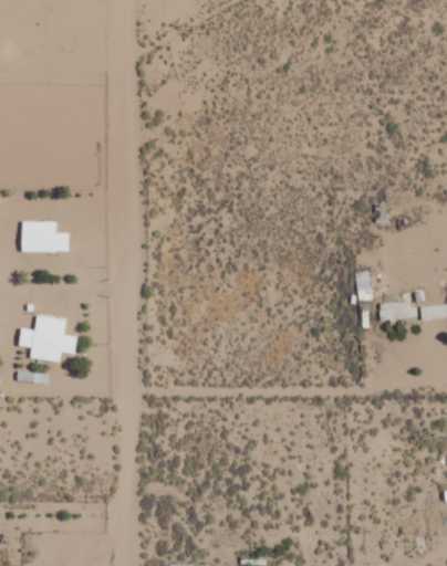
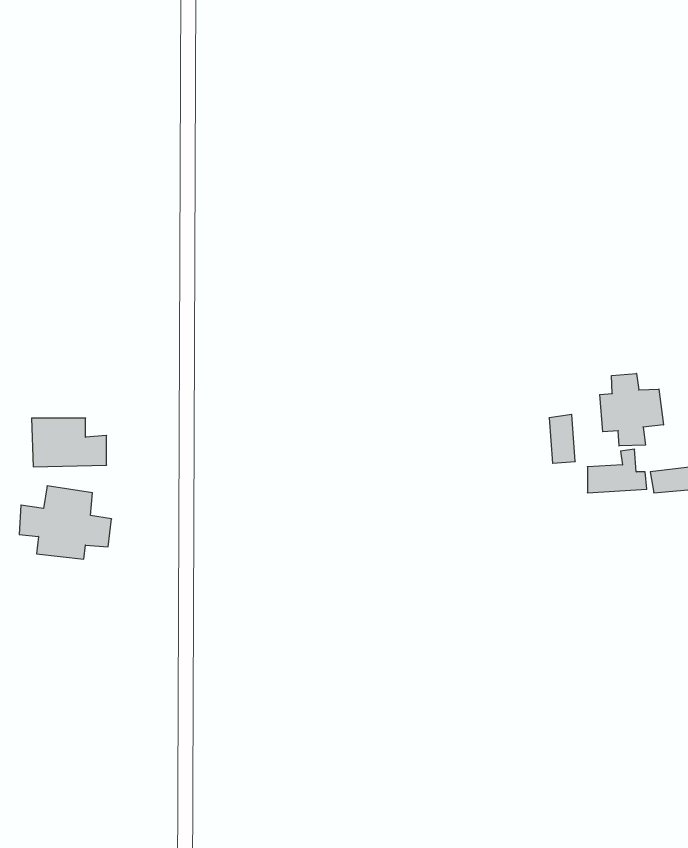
building: [21,221,69,252] -> [32,418,107,467]
building: none -> [600,373,663,446]

